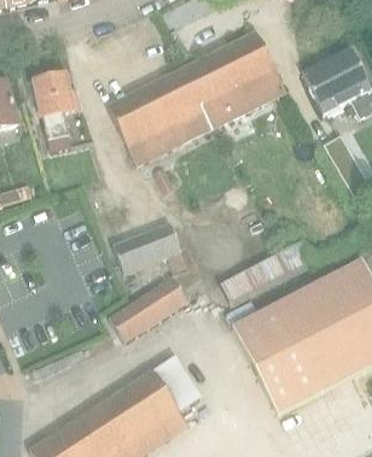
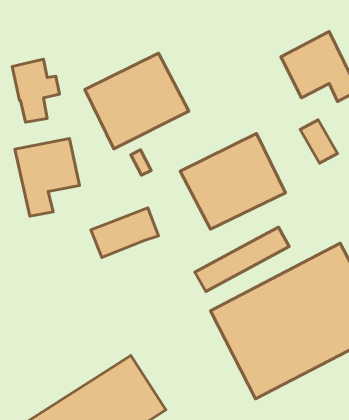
building: [181,30,286,125] -> [180,134,286,229]
building: none -> [15,139,80,216]
building: [110,276,188,340] -> none

